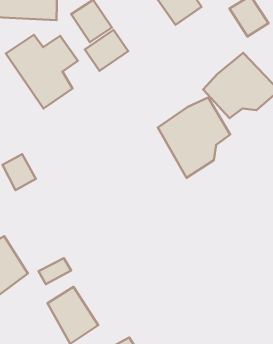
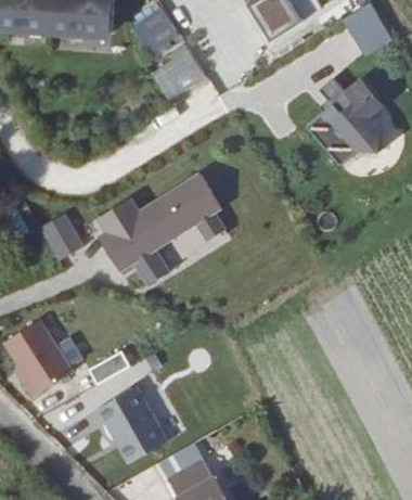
building: [6,35,78,108] -> none
building: [158,97,230,178] -> none
building: none -> [99,174,221,284]

